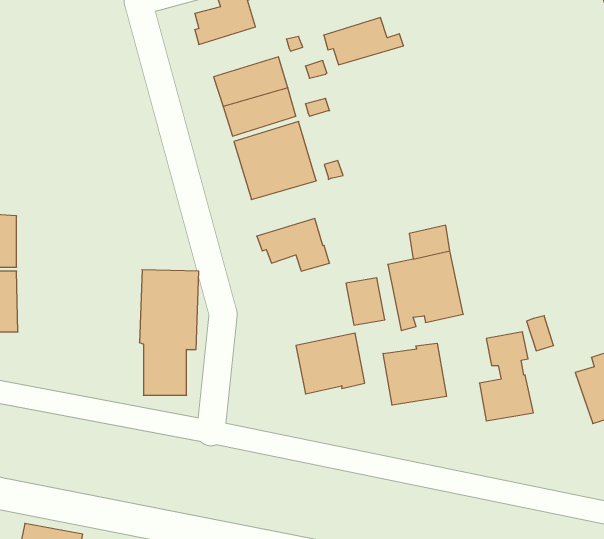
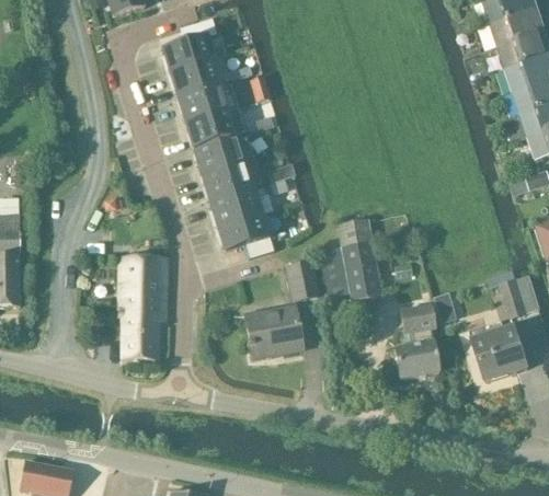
building: [324,18,403,65] -> [167,59,231,97]
building: none -> [209,184,265,229]
building: [383,343,447,405] -> none

